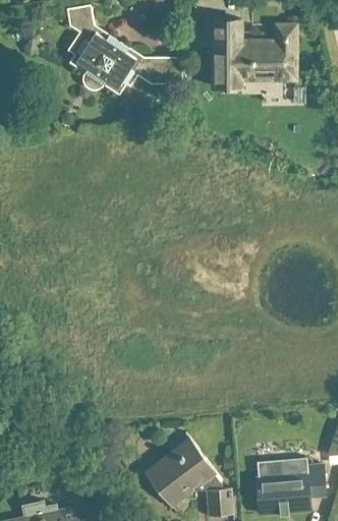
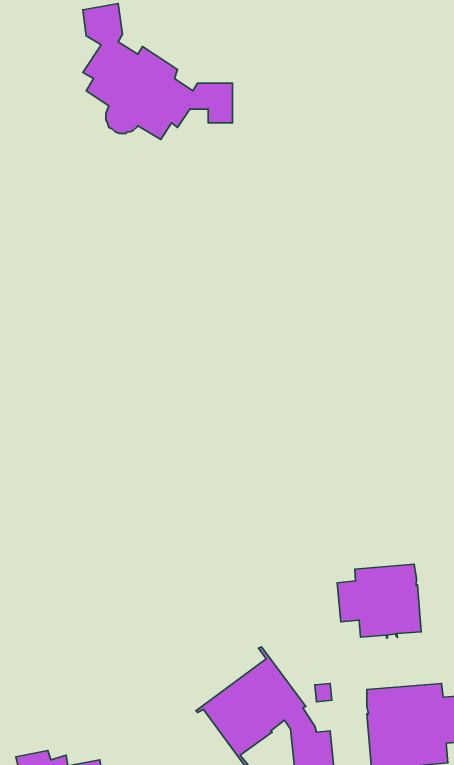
building: [203,8,295,86] -> none
building: none -> [337,564,421,638]

